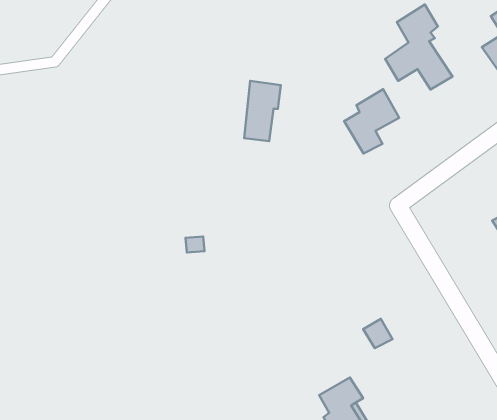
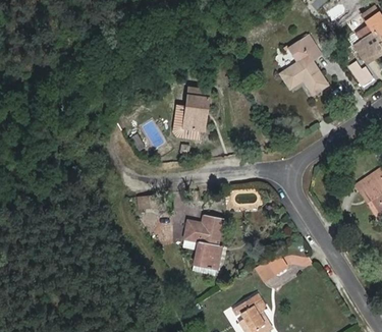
building: [344,89,399,154] -> none
building: none -> [184,215,222,270]

